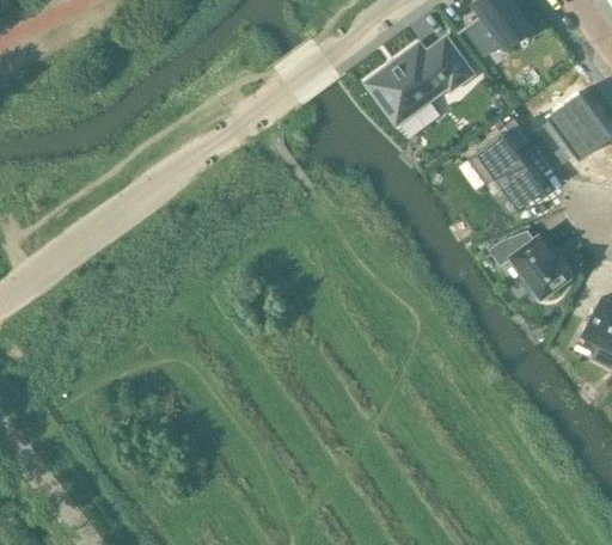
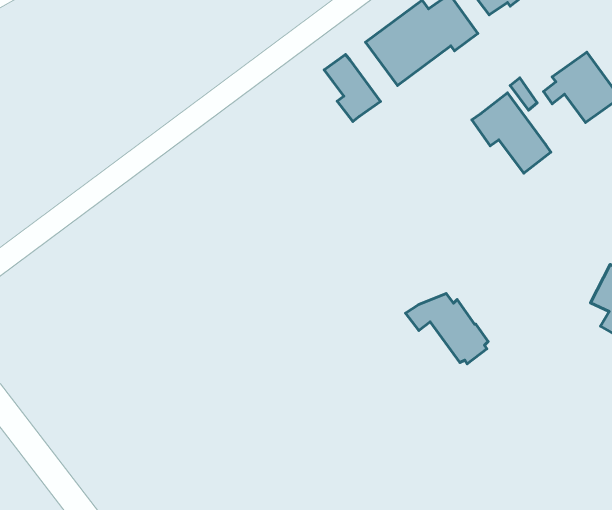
building: none -> [324,55,381,121]
building: [489,231,569,299] -> [405,293,488,364]

